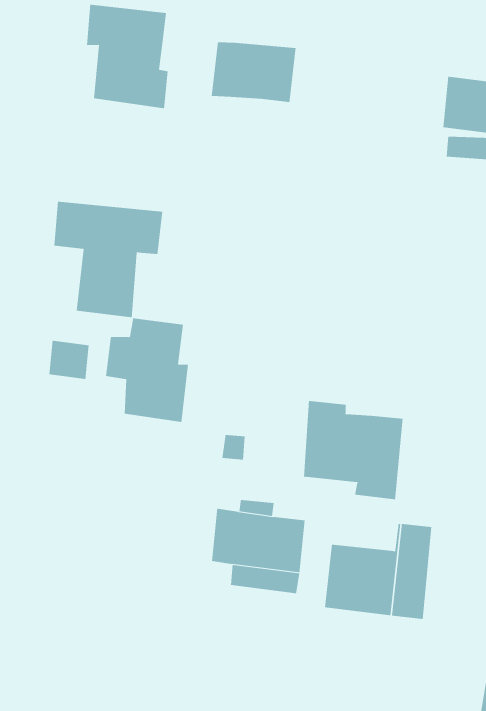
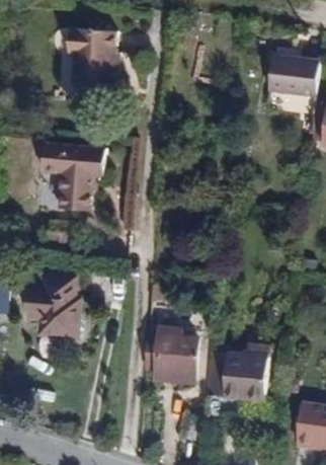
building: [211,41,296,103] -> none
building: [105,318,189,422] -> [22,280,72,341]
building: [304,400,403,500] -> none

